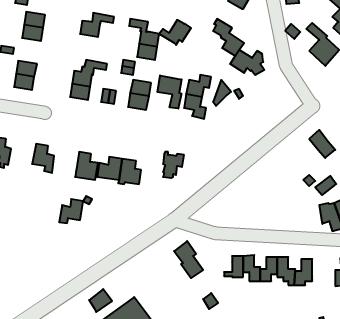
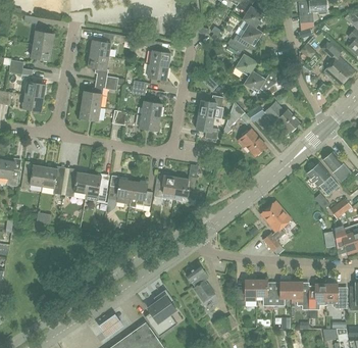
building: [159,20,191,45] -> [229,23,262,49]
building: none -> [88,53,123,85]
building: [157,75,182,109] -> none
building: none -> [264,102,299,132]
building: none -> [238,129,266,155]
building: none -> [307,162,338,195]
building: none -> [20,164,45,189]
building: none -> [153,171,176,197]
building: none -> [259,200,291,250]
building: [59,199,83,223] -> [64,171,89,196]
building: none -> [326,283,347,308]
building: none -> [147,288,178,336]

